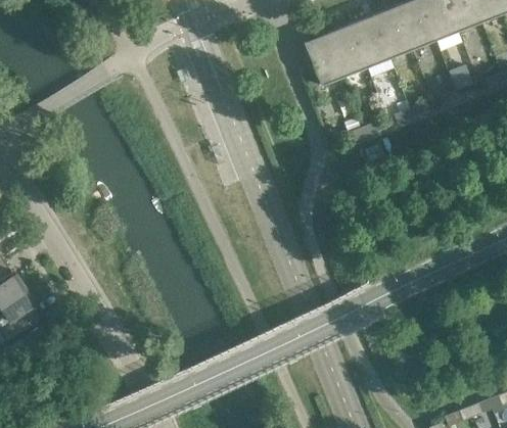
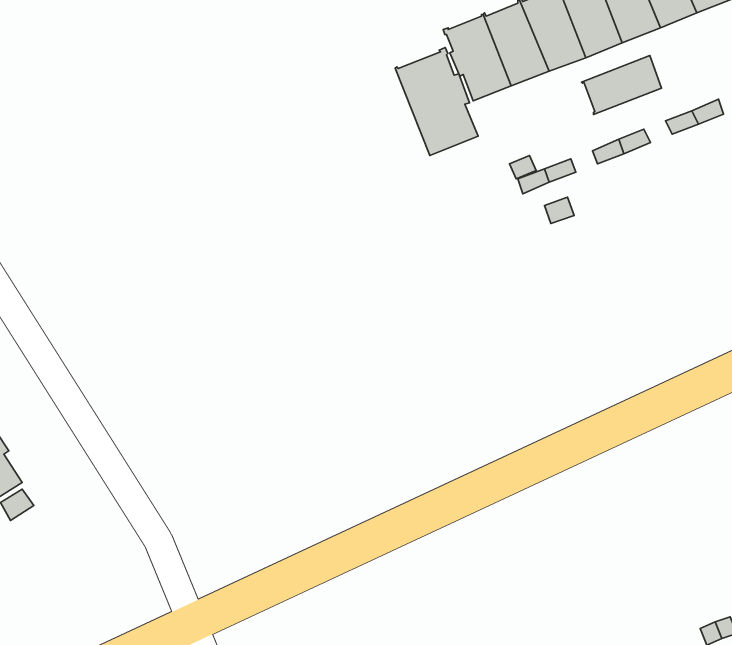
building: none -> [395,48,478,156]
building: none -> [582,56,662,115]

